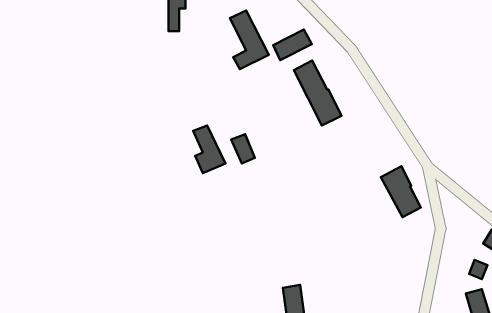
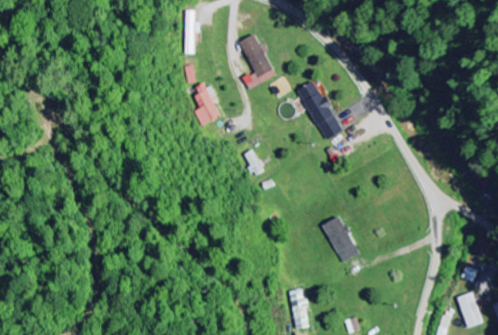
building: [273,30,312,60] -> none
building: [193,125,226,173] -> [190,82,220,126]
building: [381,166,421,217] -> [323,214,360,261]

